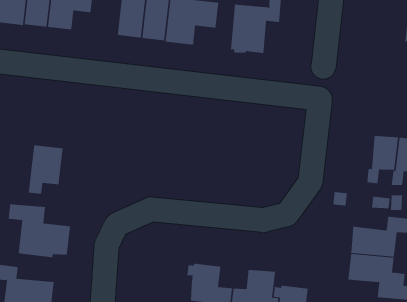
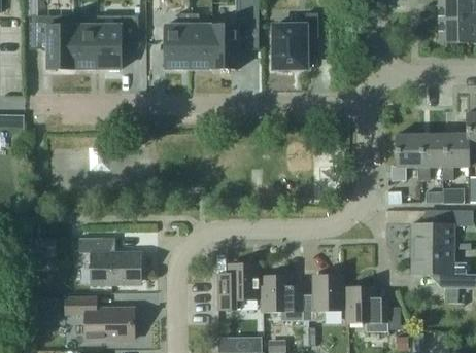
building: none -> [392,134,421,179]
building: [28,144,63,195] -> none
building: none -> [217,262,263,309]

